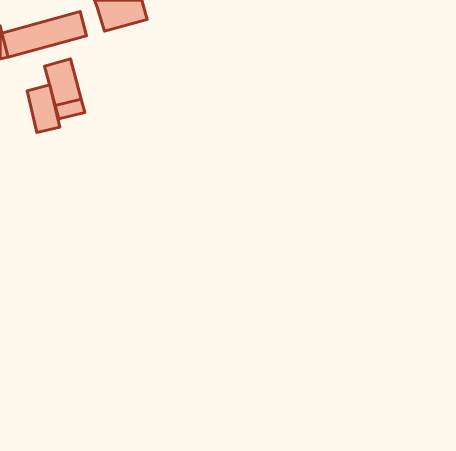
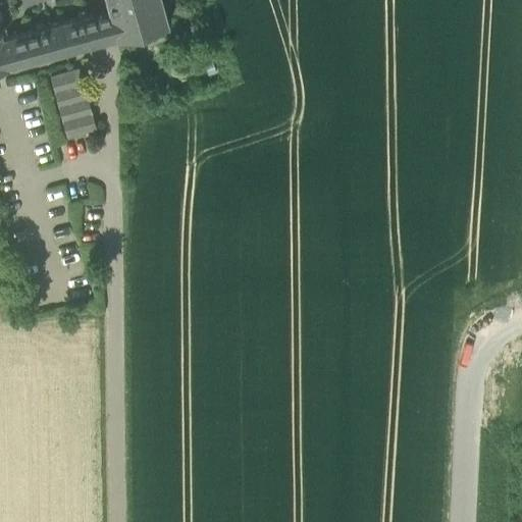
building: none -> [92,14,119,47]
building: [27,85,60,132] -> none

